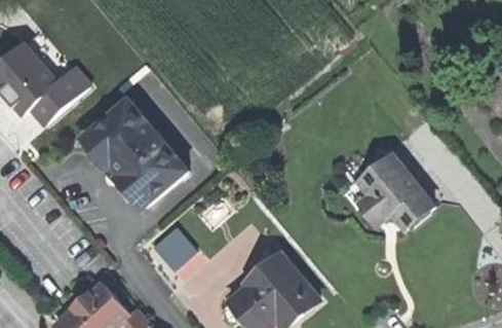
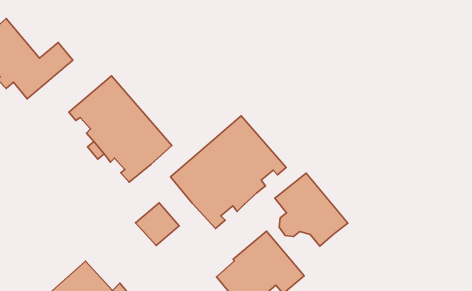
building: none -> [170,116,286,228]
building: [358,155,430,227] -> [275,173,348,246]

